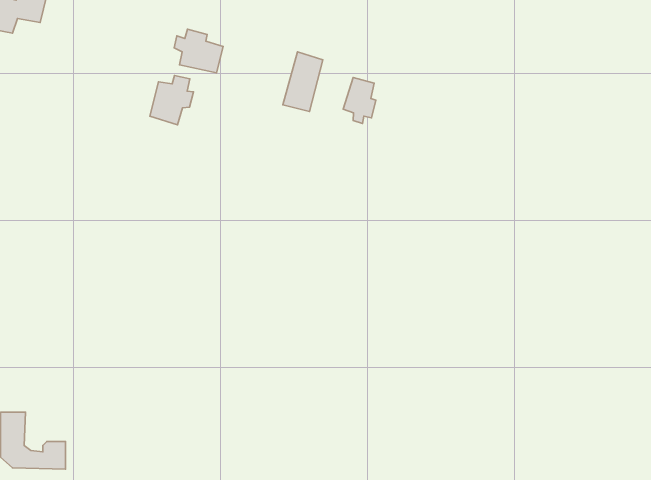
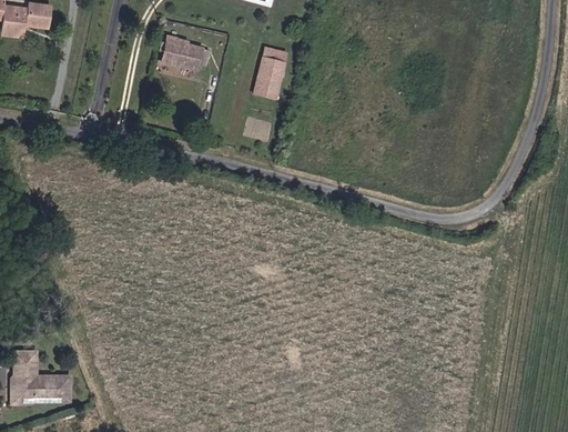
building: [150,75,194,125] -> none
building: [343,77,376,123] -> none

